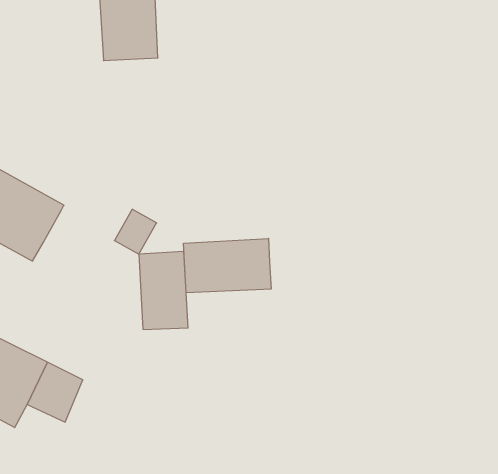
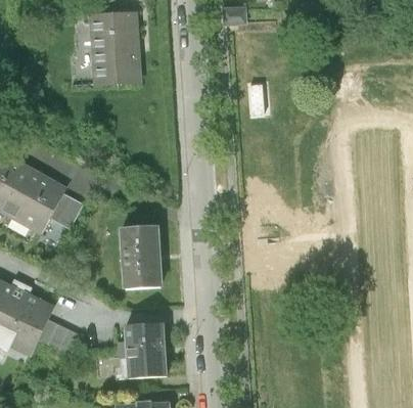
building: [114,209,157,254] -> [51,194,83,228]
building: [184,238,271,293] -> none
building: none -> [127,323,166,374]

